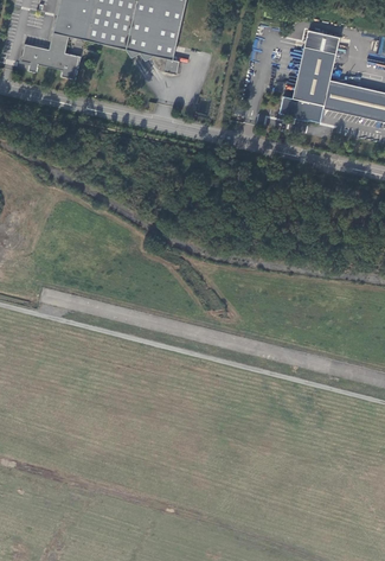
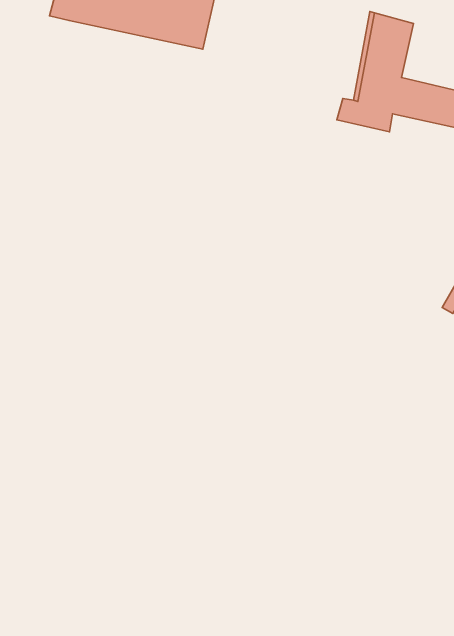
building: [20,31,81,78] -> none

